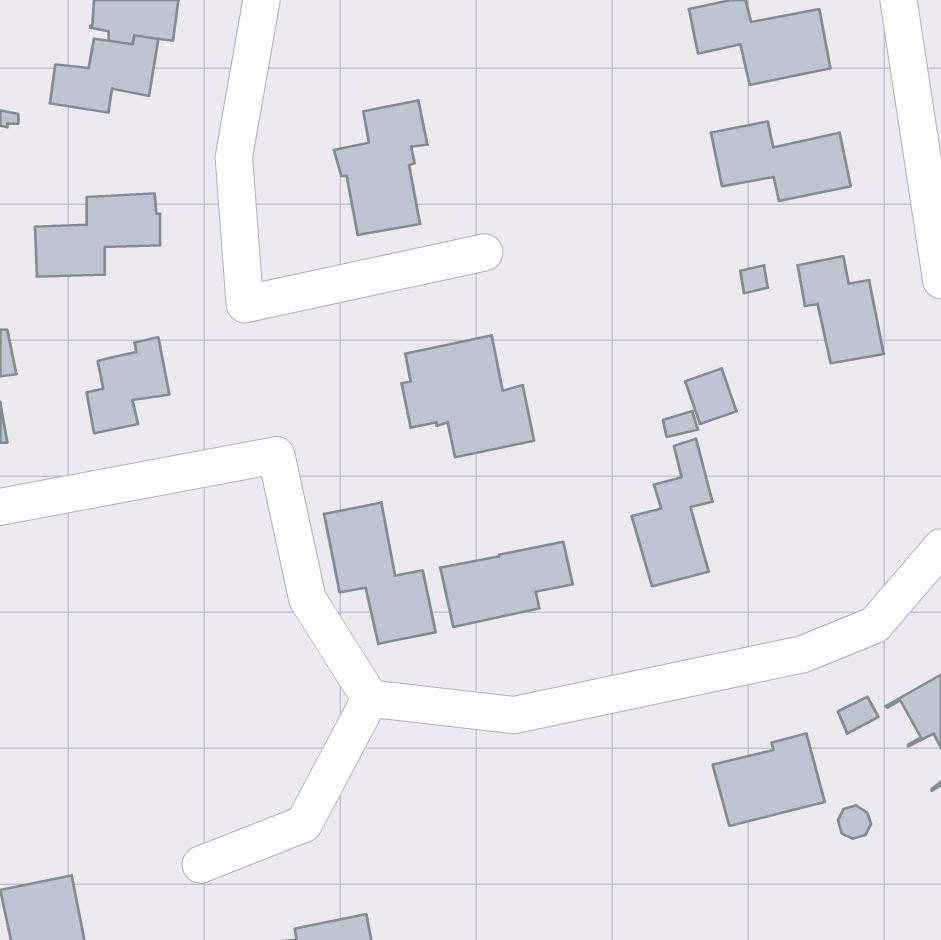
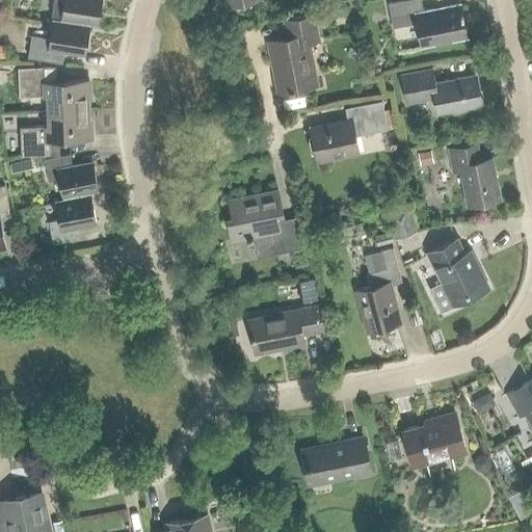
building: [334,100,428,235] -> [266,17,319,92]
building: none -> [18,68,89,112]
building: none -> [311,102,388,162]
building: none -> [45,156,98,203]
building: none -> [426,239,488,305]
building: [324,502,436,644] -> none
building: none -> [301,437,370,485]

